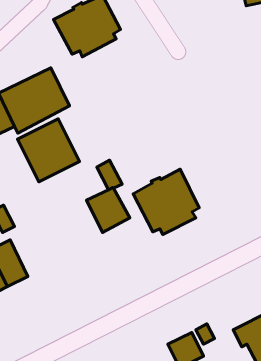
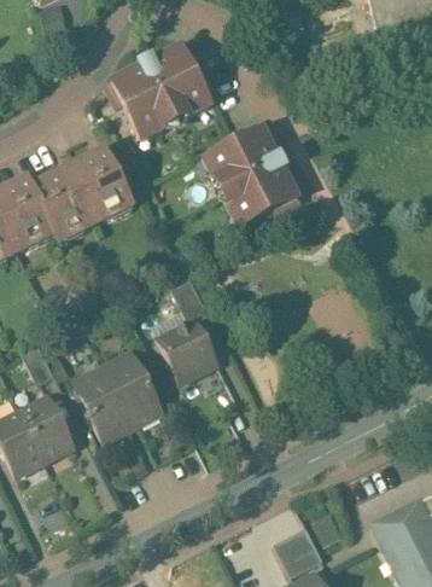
building: none -> [210,128,298,222]
building: [18,119,79,182] -> [75,353,163,442]
building: [133,169,199,234] -> none

